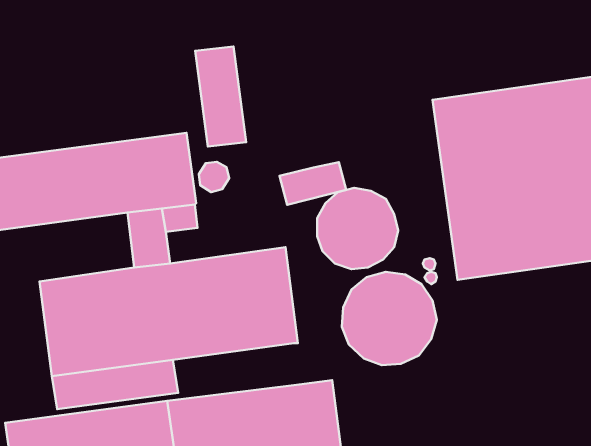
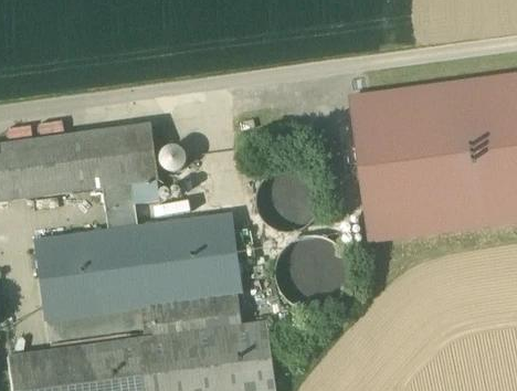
building: [195,47,246,146] -> none
building: [280,162,346,205] -> none
building: none -> [141,290,243,336]

